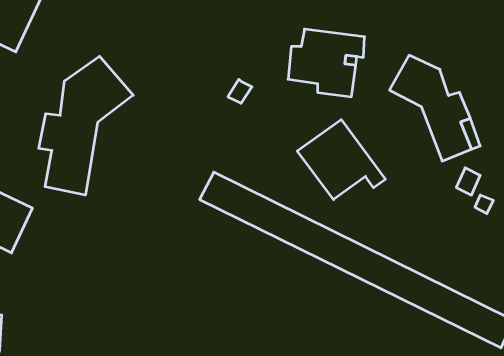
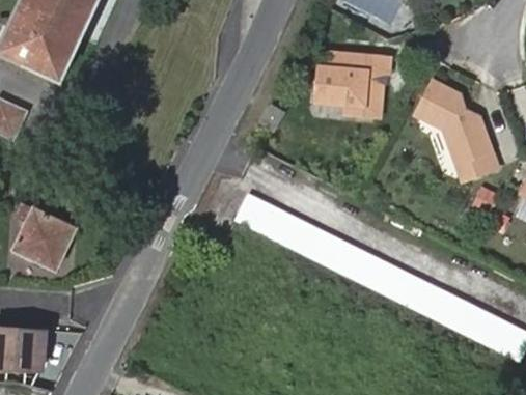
building: [39,56,133,195] -> none
building: [297,120,385,200] -> none

